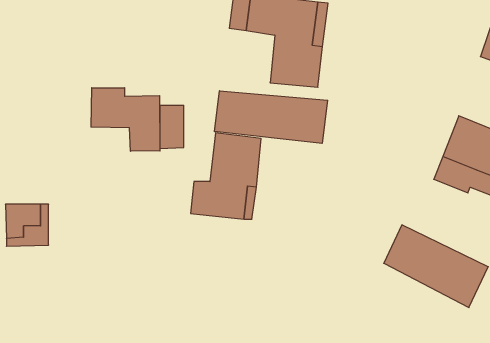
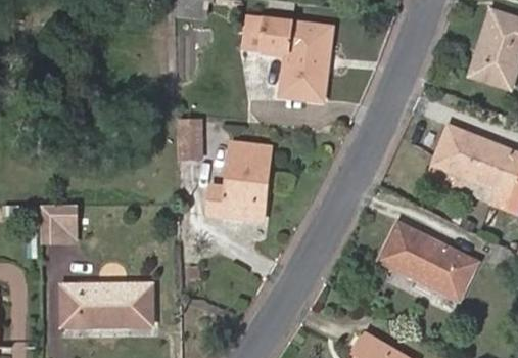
building: [91,88,160,151] -> none
building: [214,91,328,143] -> none
building: none -> [62,283,152,324]

